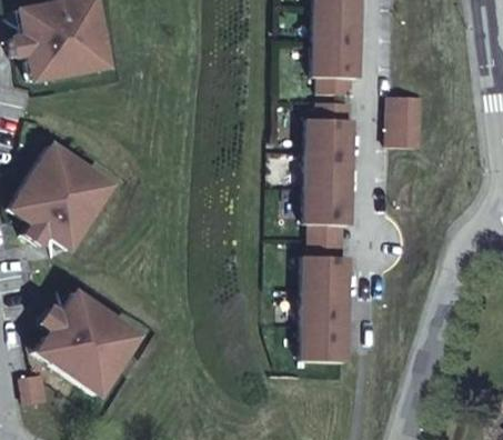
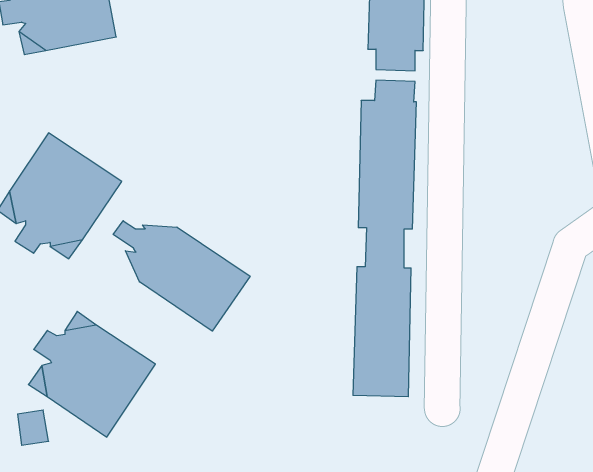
building: [391,94,425,146] -> none
building: none -> [113,221,250,331]

